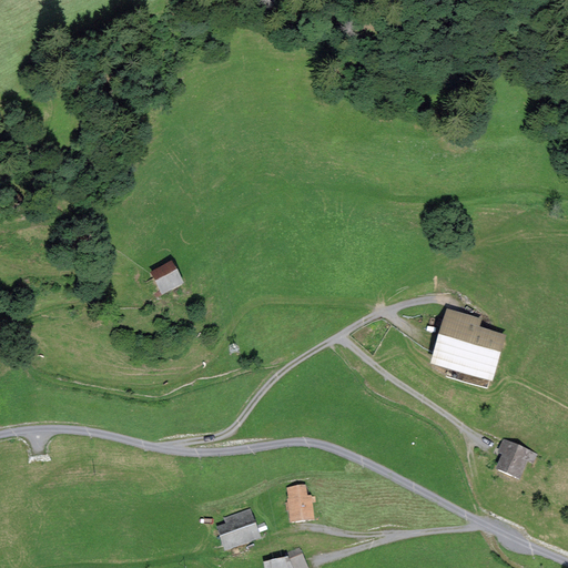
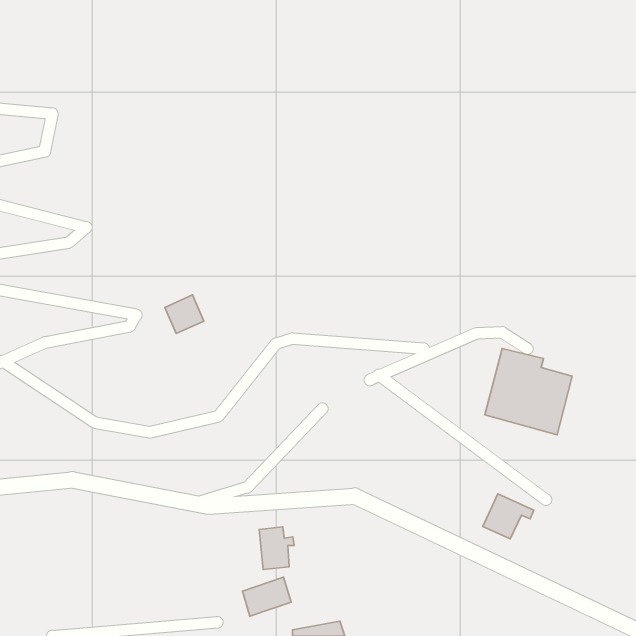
building: [491,438,537,478] -> [483,494,534,539]
building: [285,483,316,520] -> [259,527,294,569]

